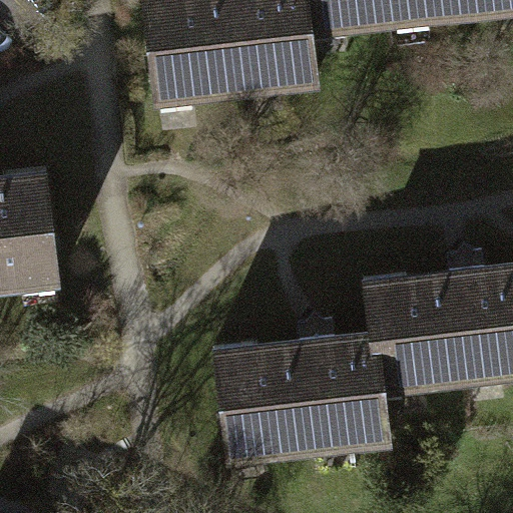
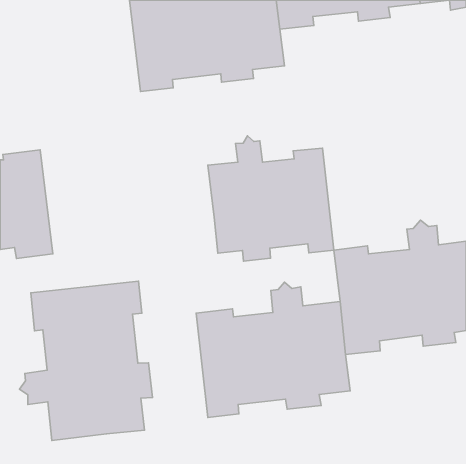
building: none -> [208,136,334,261]
building: none -> [20,281,152,441]

